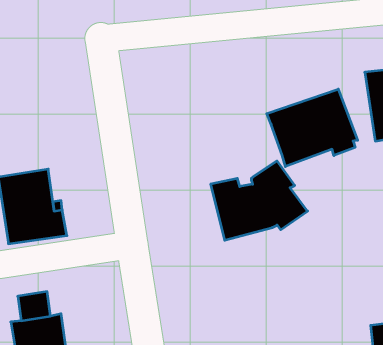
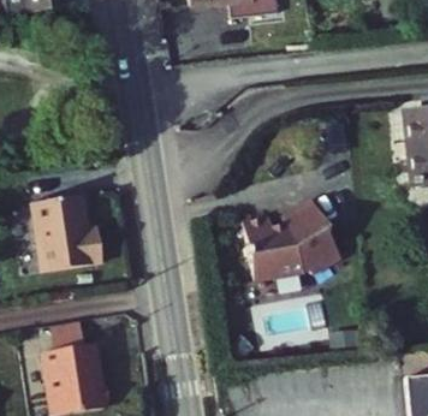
building: [267,89,358,167] -> none

